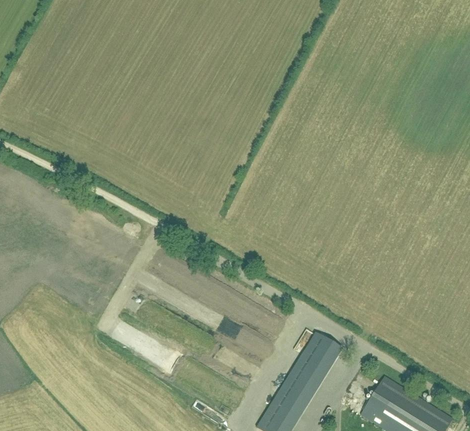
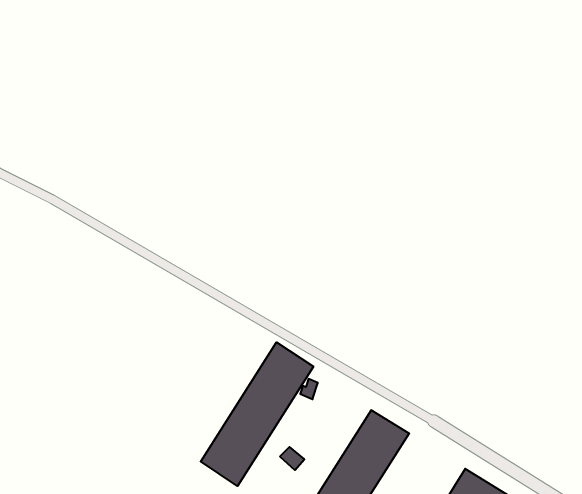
building: none -> [201,342,313,486]

